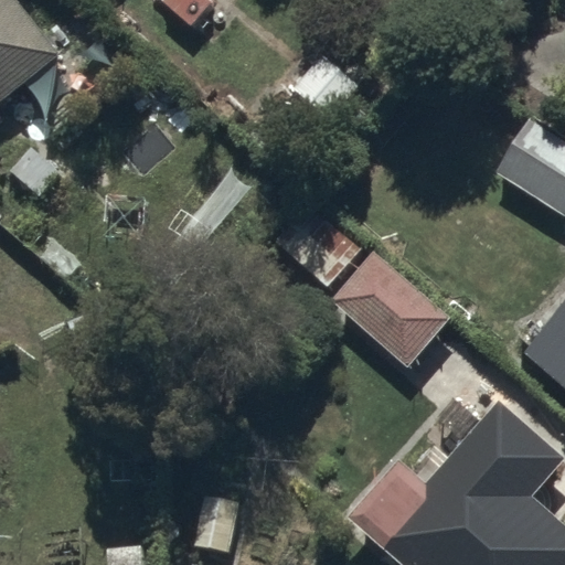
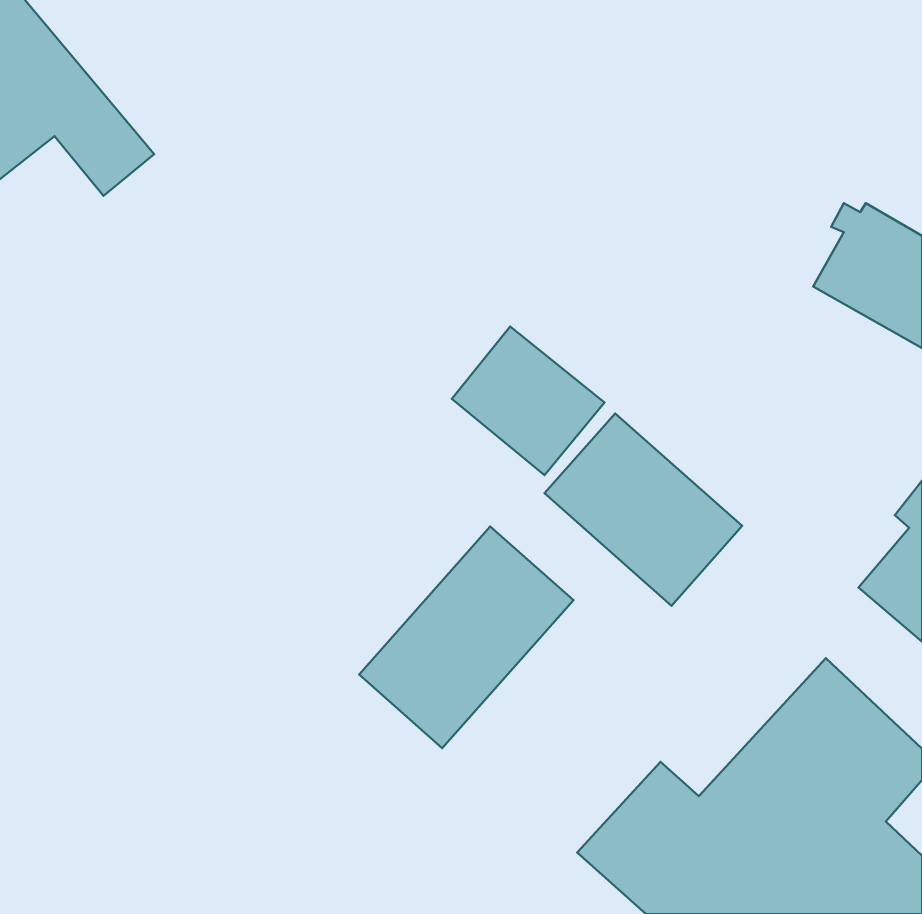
building: none -> [359,527,574,748]

